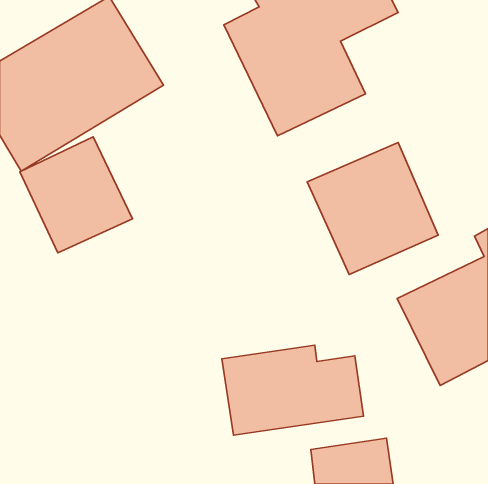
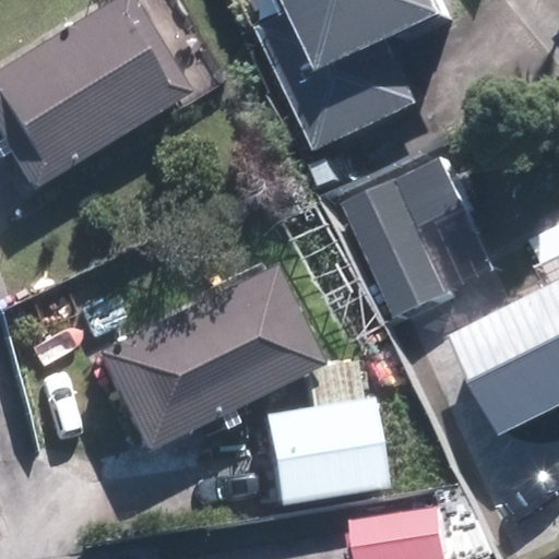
building: [20,137,132,253] -> none
building: none -> [88,267,313,451]

